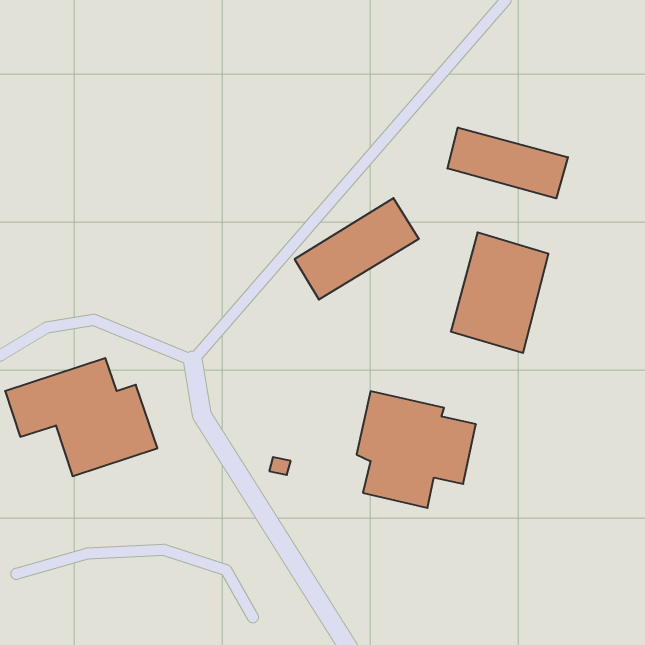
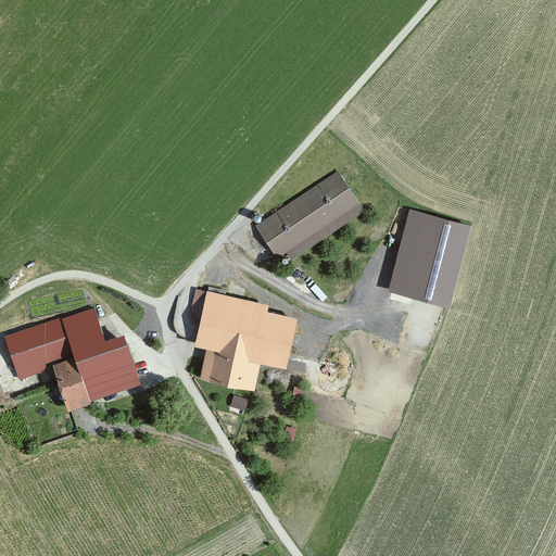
building: [447,127,568,198] -> none
building: [357,391,476,508] -> [192,292,294,392]

